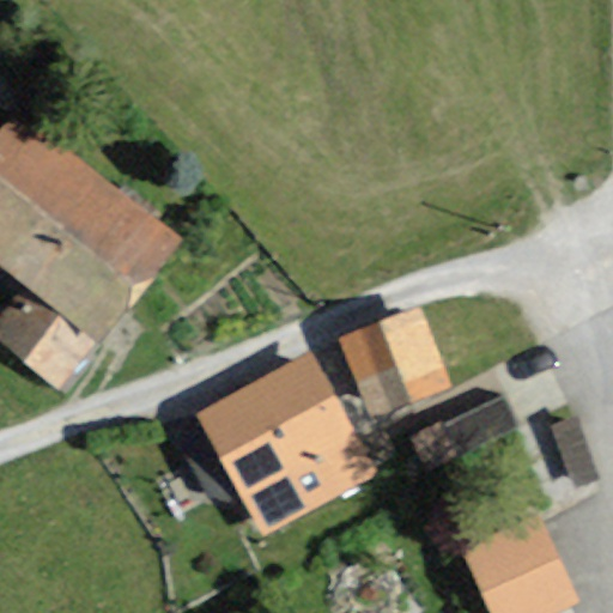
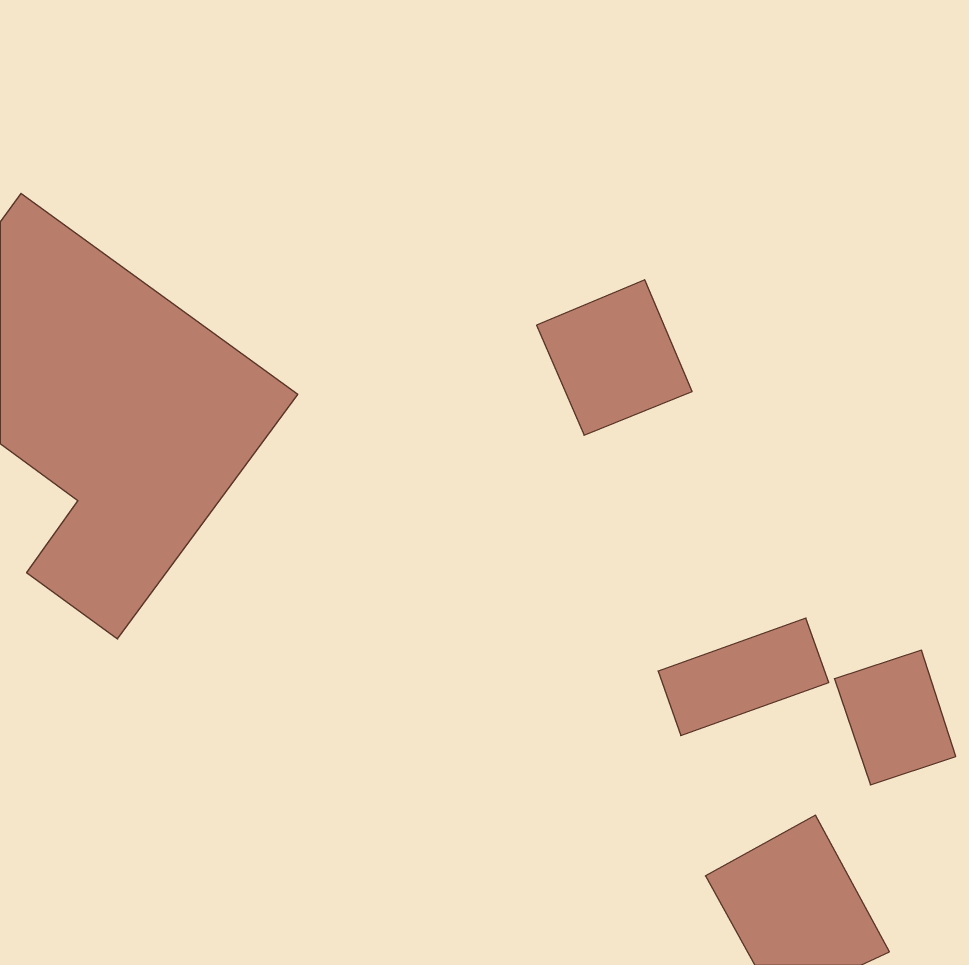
building: [333,315,431,413] -> [537,280,692,435]
building: [198,351,372,527] -> none

